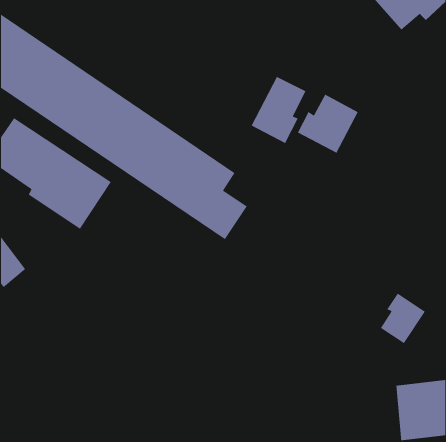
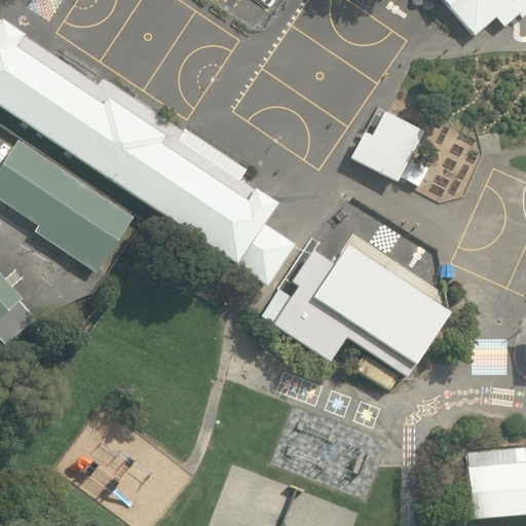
building: [251,76,307,144] -> none
building: none -> [273,248,447,379]
building: [380,292,426,344] -> none

